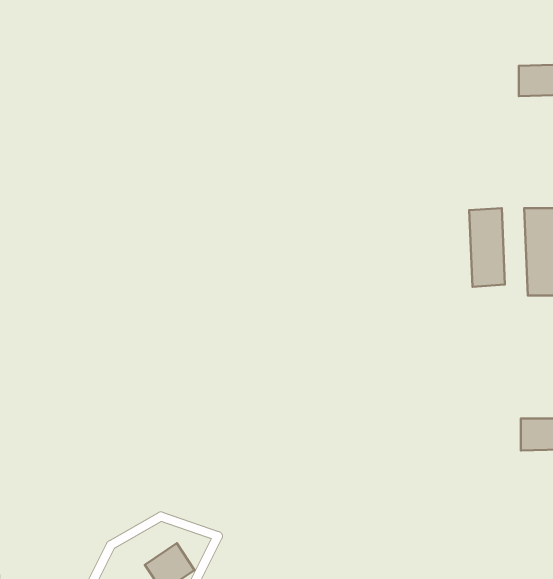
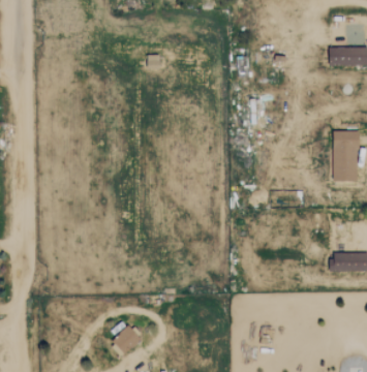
building: [469,208,505,287] -> none

